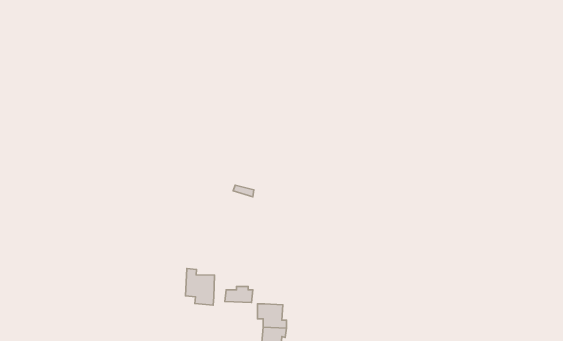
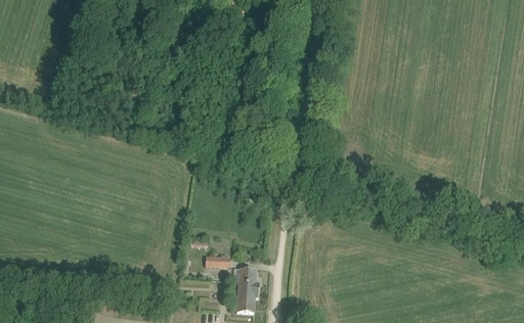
building: [186,269,214,305] -> none

